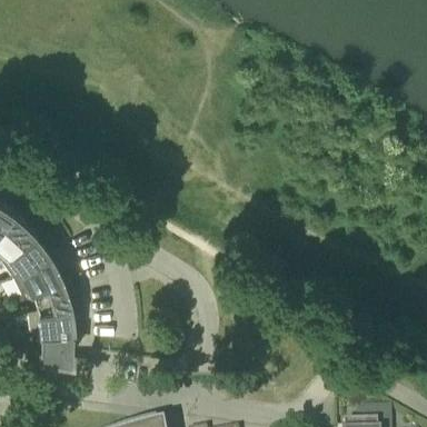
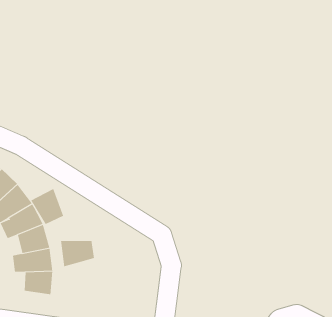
building: none -> [31,188,64,225]
building: none -> [60,240,95,267]

